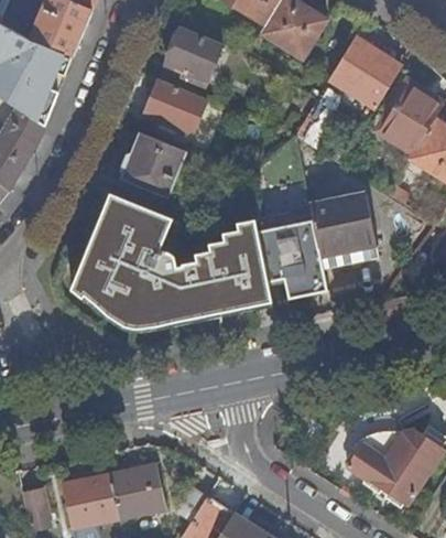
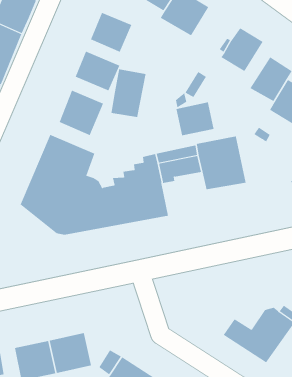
building: none -> [111,69,146,118]
building: none -> [176,102,214,136]
building: [280,245,327,295] -> none

